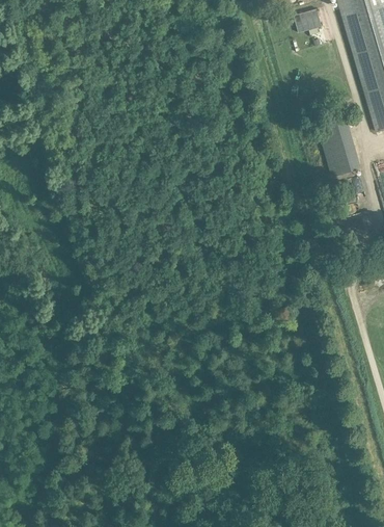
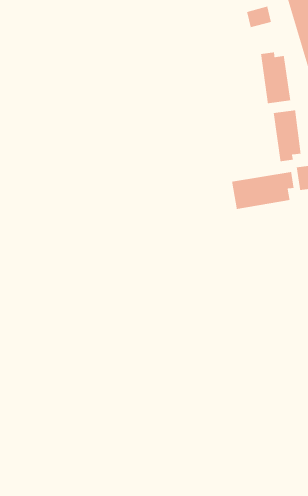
building: none -> [260,51,291,104]
building: none -> [231,171,295,210]

